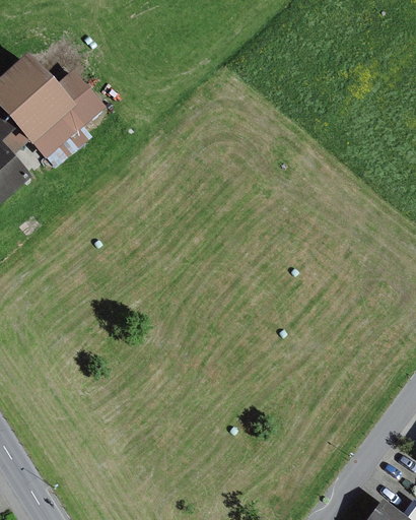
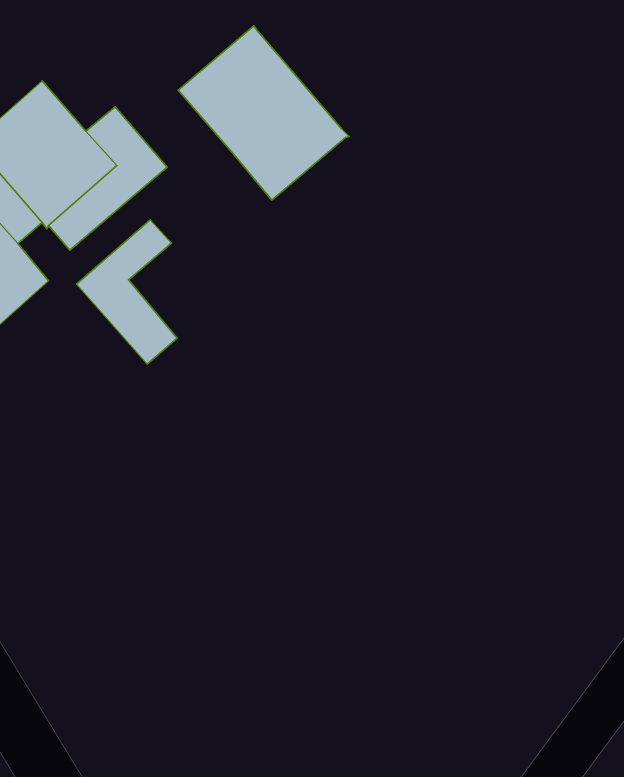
building: none -> [178,26,349,200]
building: none -> [76,220,177,364]

